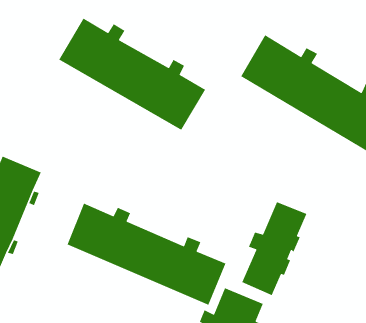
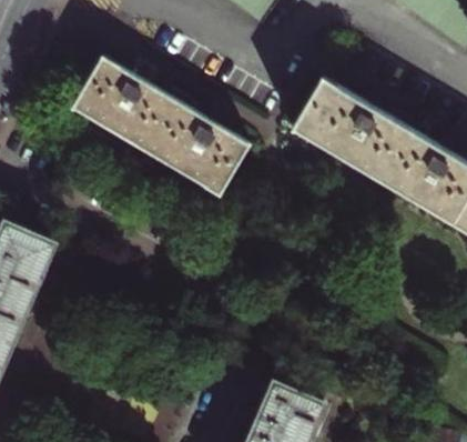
building: [241,201,308,296] -> none
building: [67,203,227,306] -> none

